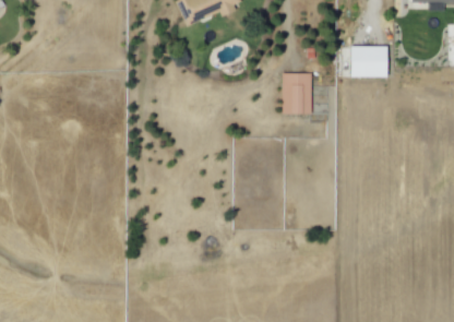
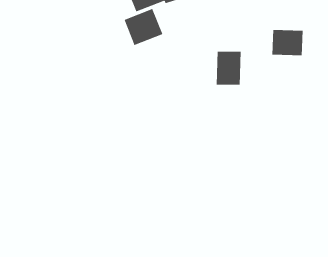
building: none -> [124,8,163,46]

